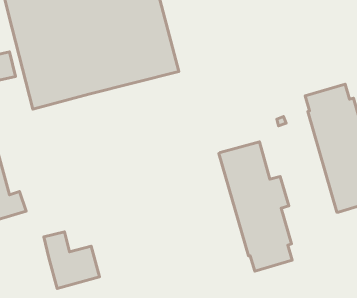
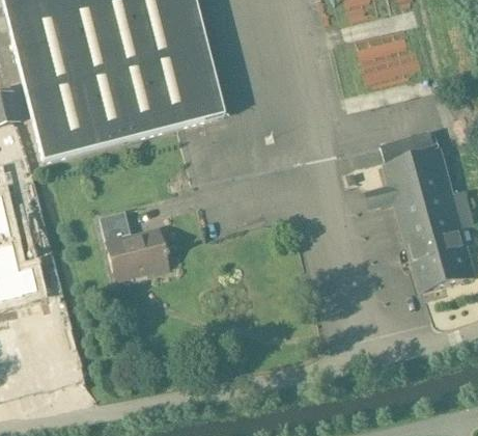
building: [219,142,292,271] -> none
building: [44,232,100,288] -> [99,211,168,281]

